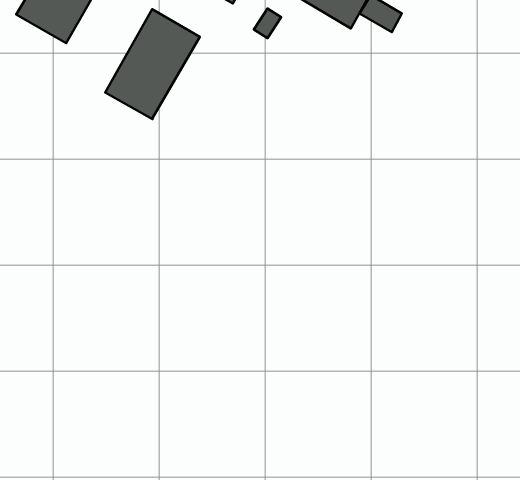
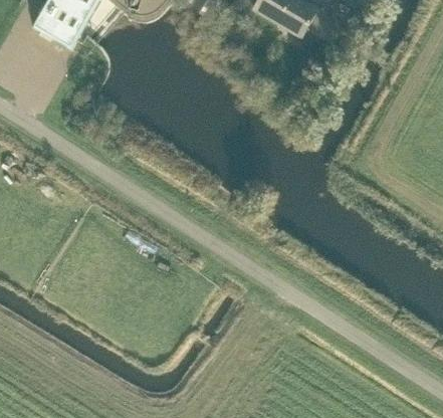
building: [105,9,200,119] -> none

